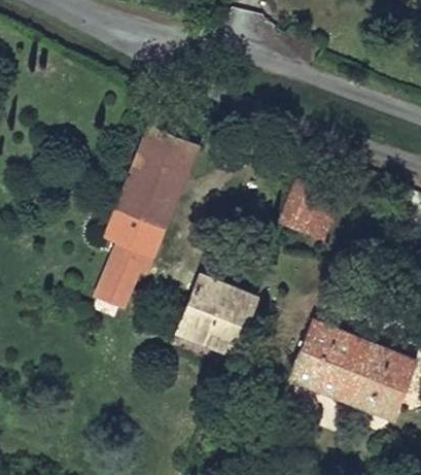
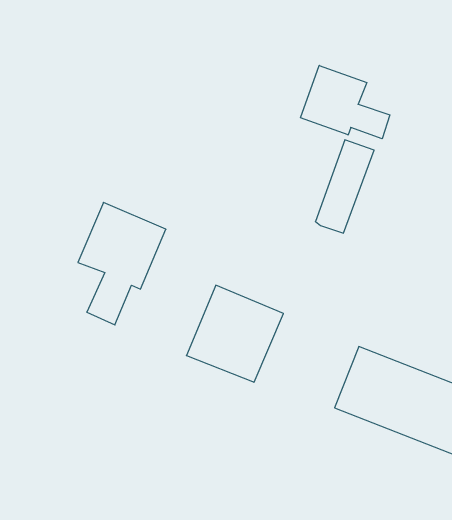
building: none -> [301,65,390,139]
building: [111,126,197,230] -> none

